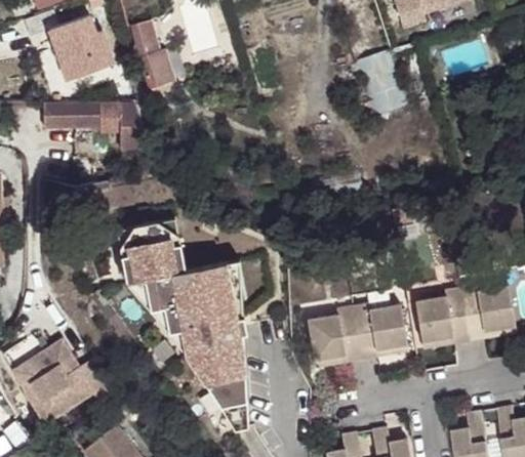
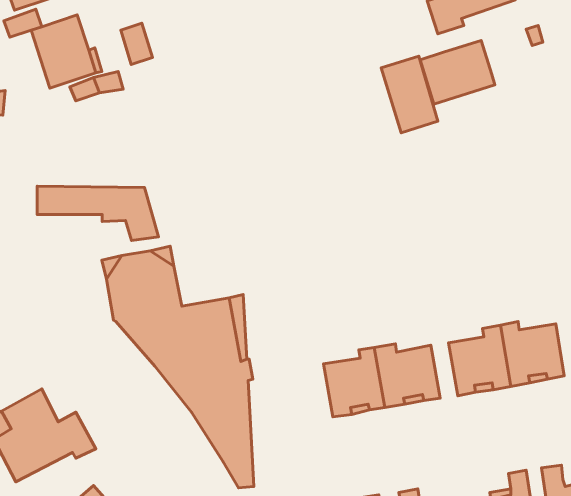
building: none -> [420,40,495,104]
building: [139,50,172,90] -> none
building: [44,102,150,150] -> [37,186,159,240]

